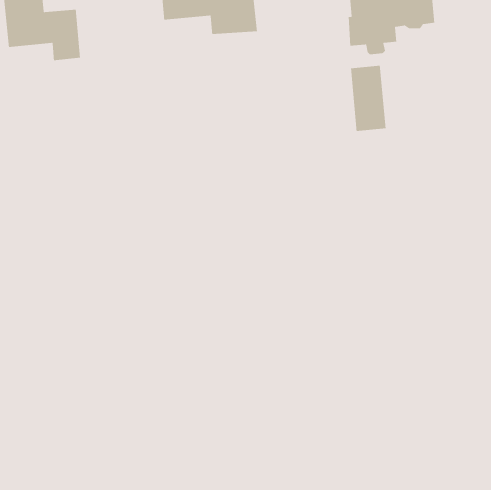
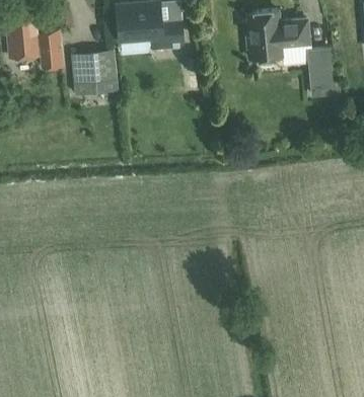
building: none -> [71,51,117,97]
building: [350,65,386,132] -> [307,49,333,95]

